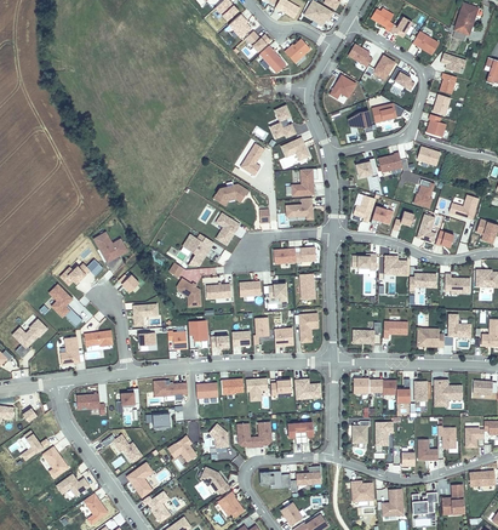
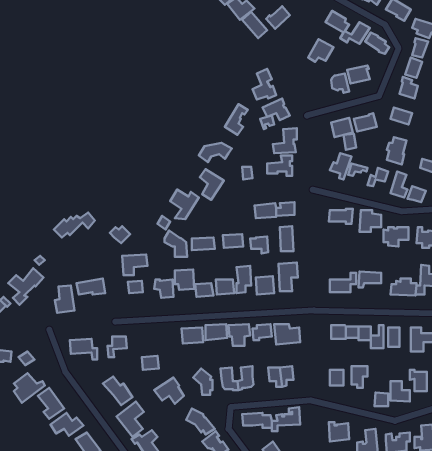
building: [93,230,128,262] -> none
building: [48,283,82,326] -> none
building: [153,378,188,399] -> none

